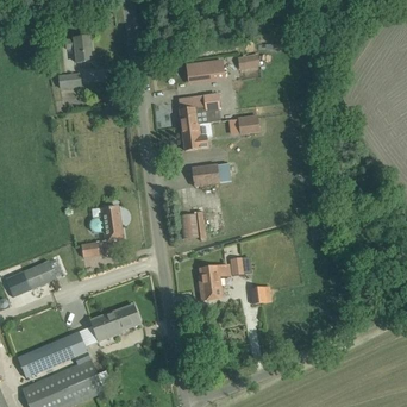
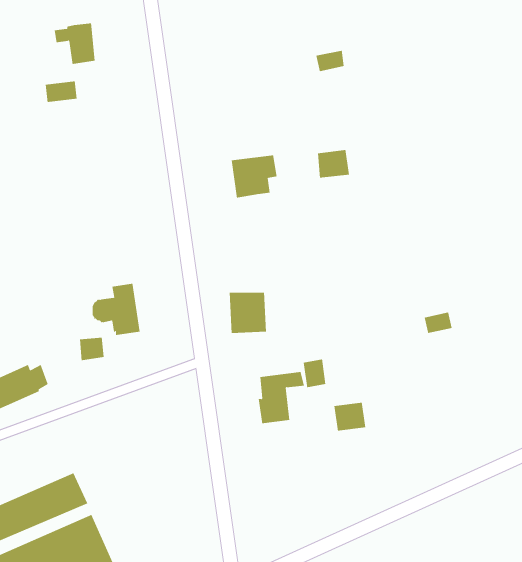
building: [186,60,224,82] -> none
building: [177,93,220,125] -> none
building: [192,162,231,184] -> none
building: [89,303,139,340] -> none

